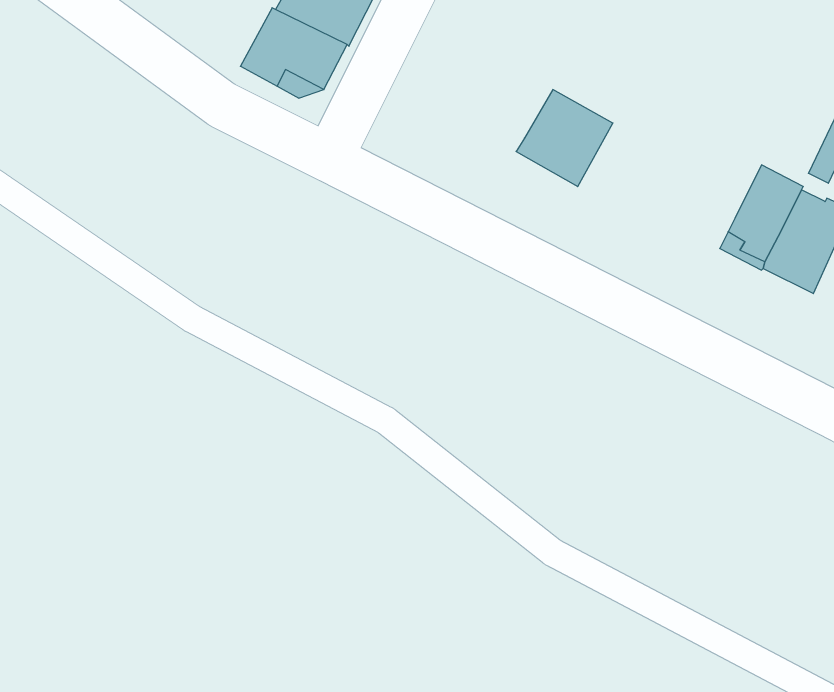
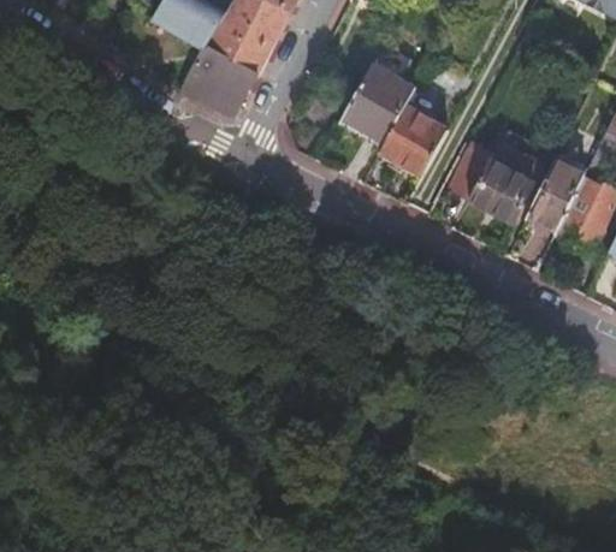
building: none -> [343,65,414,141]
building: none -> [449,143,543,222]

